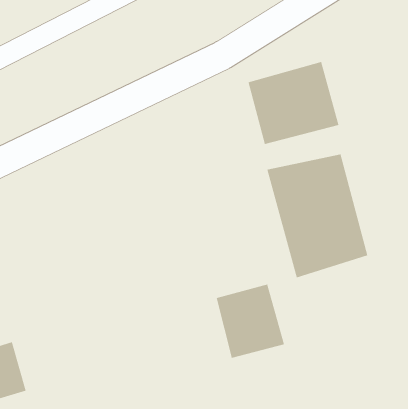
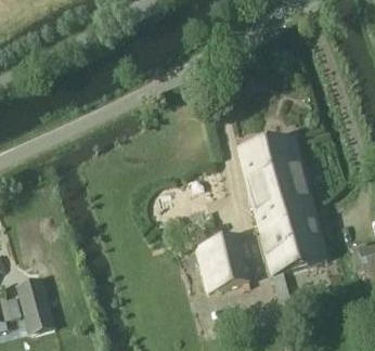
building: [248,61,339,145] -> none
building: none -> [259,212,327,274]

